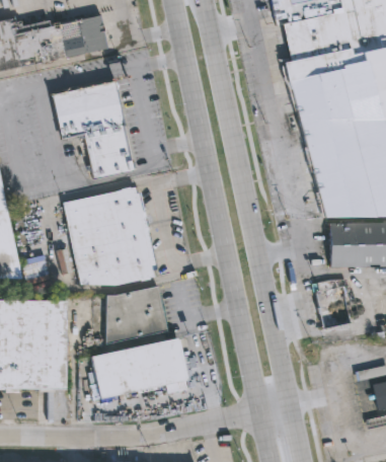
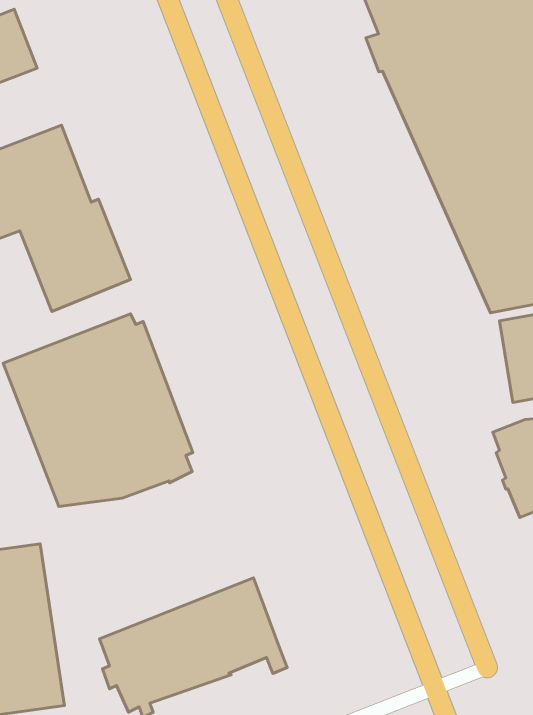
building: [106,286,167,344] -> none

